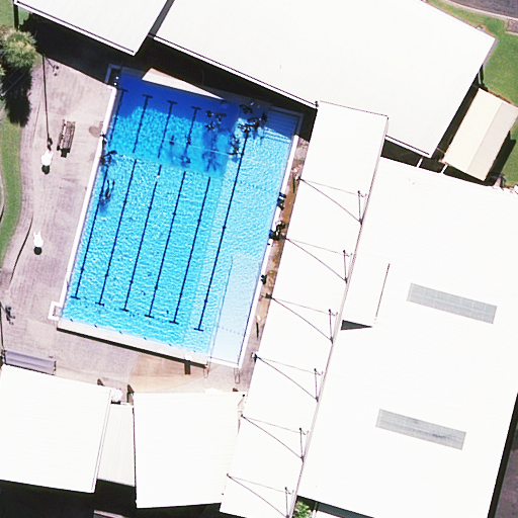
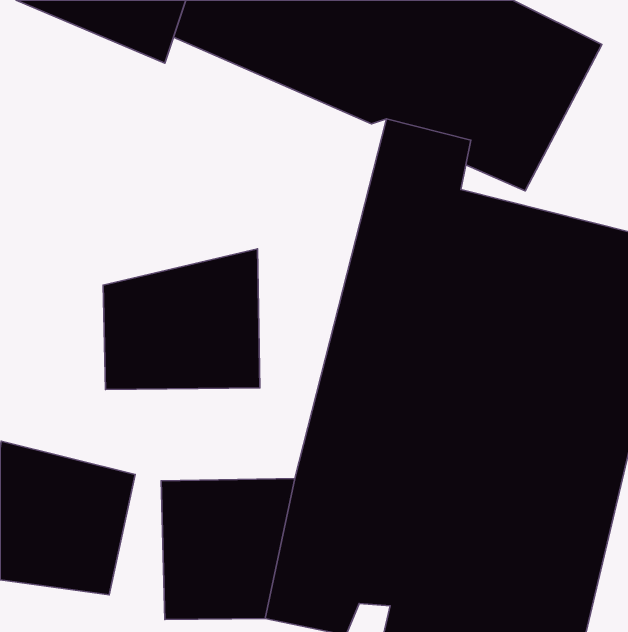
building: none -> [103,249,260,389]

